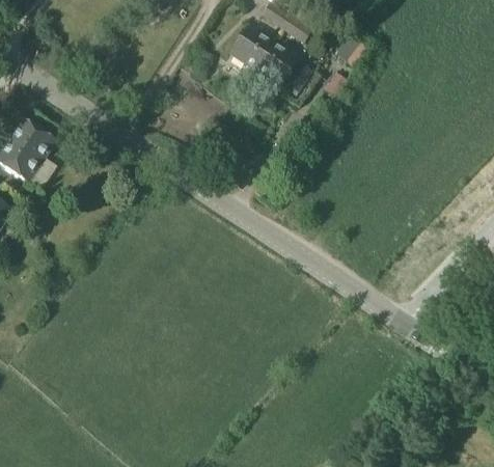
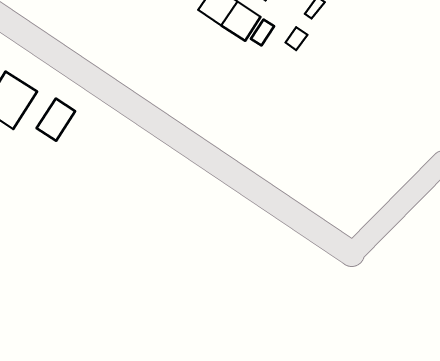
building: none -> [37,99,75,141]

